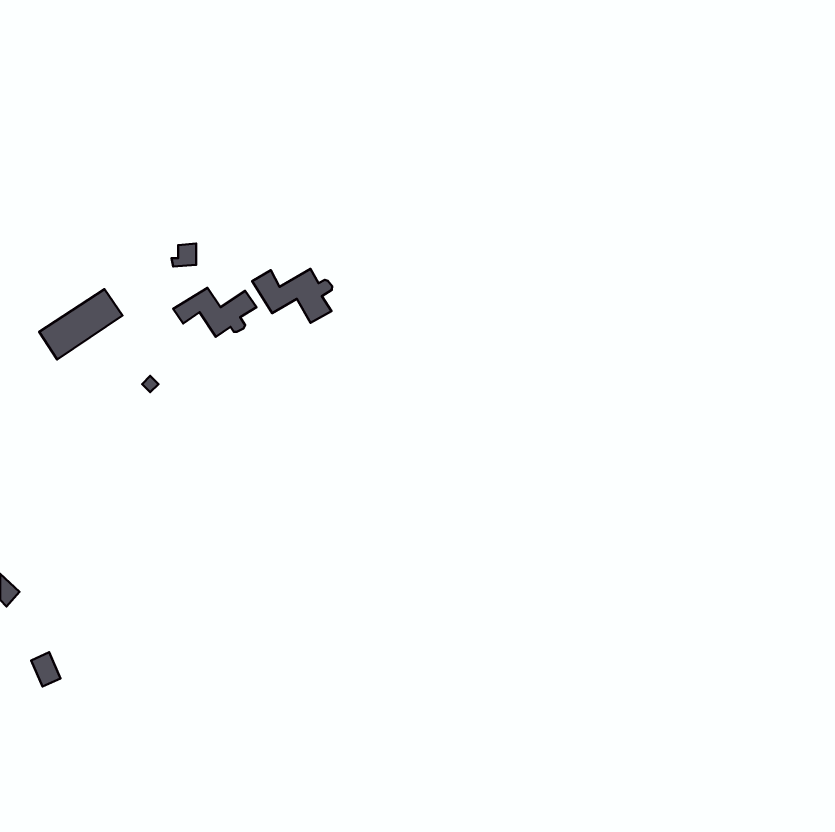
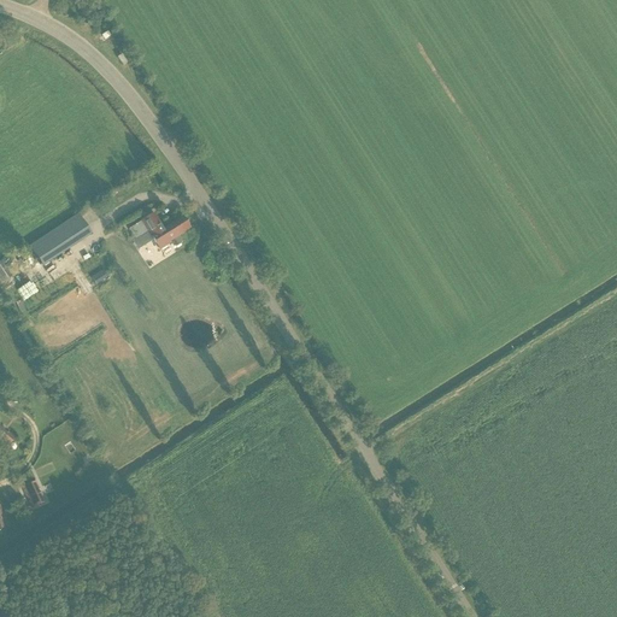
building: [252,269,332,323] -> none

